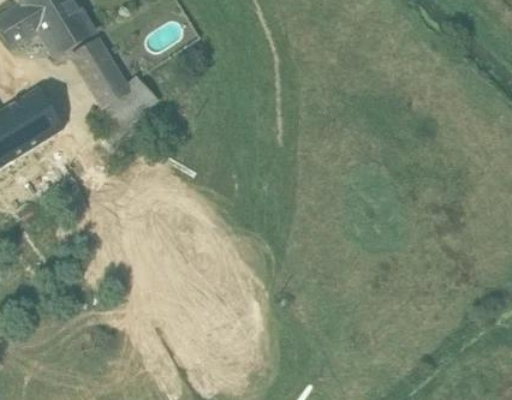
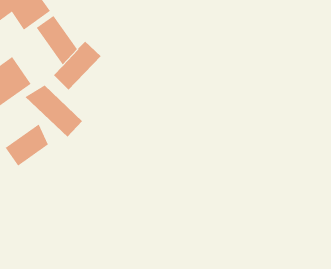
building: none -> [25,85,83,137]
building: none -> [5,123,49,166]

